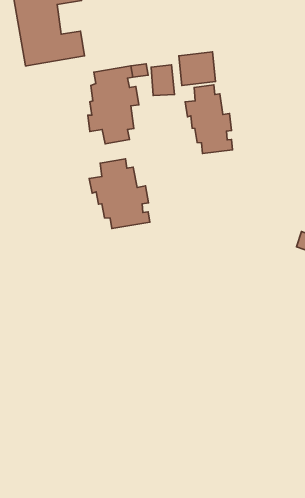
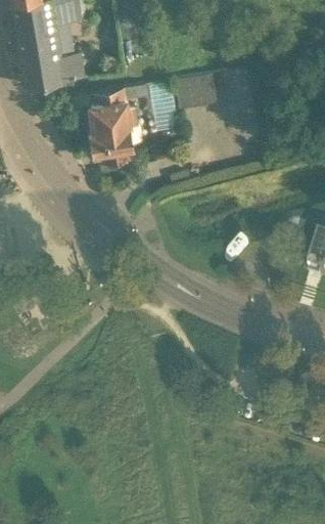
building: [185,85,233,153] -> none
building: [89,159,150,228] -> none

